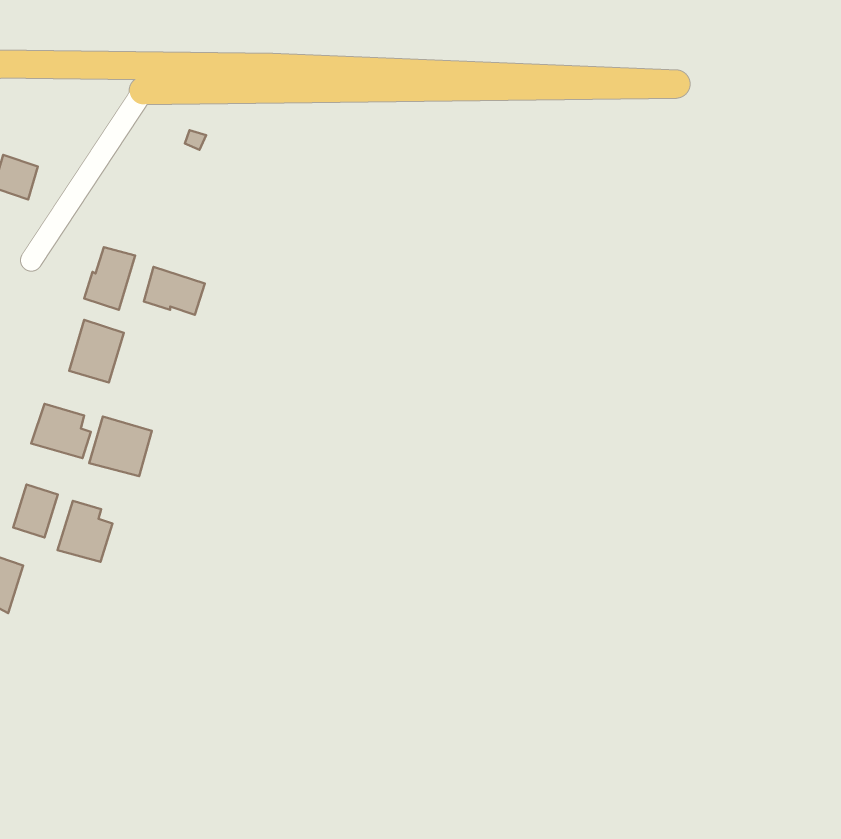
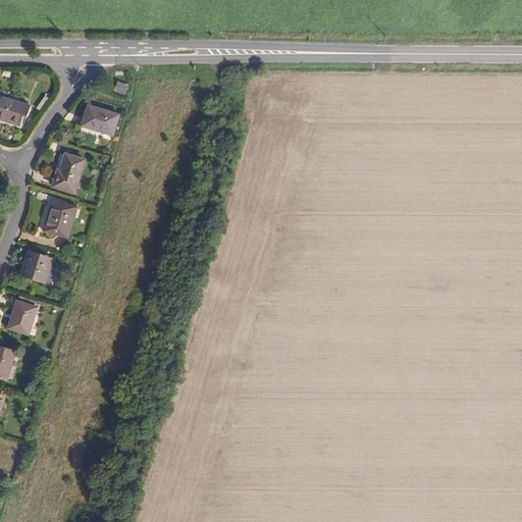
building: [144,267,205,315] -> [81,103,118,133]
building: [89,417,152,476] -> none
building: [57,501,112,562] -> none

